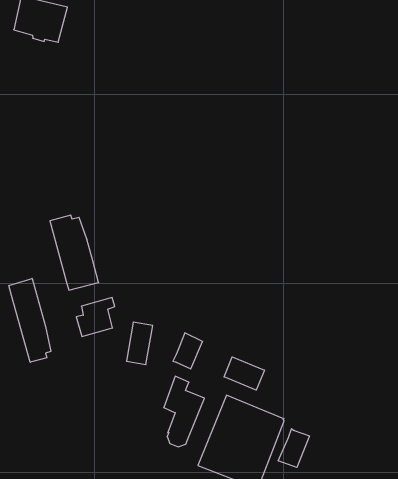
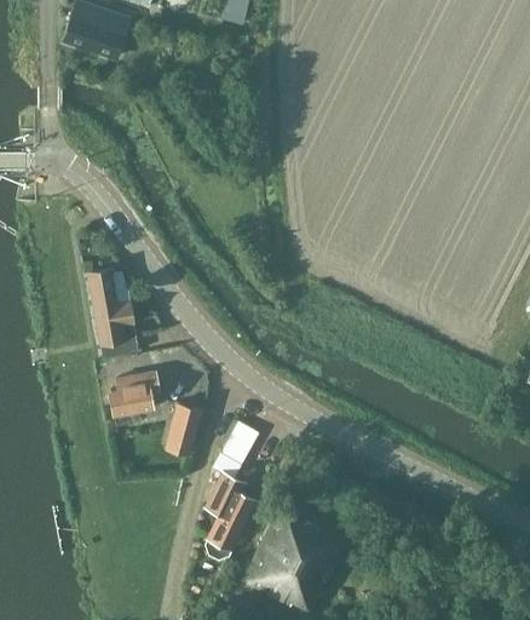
building: [9,278,51,362] -> none
building: [224,357,264,390] -> none
building: [278,429,309,467] -> none

